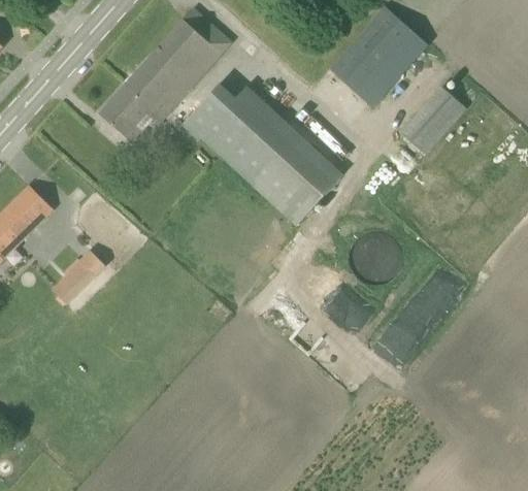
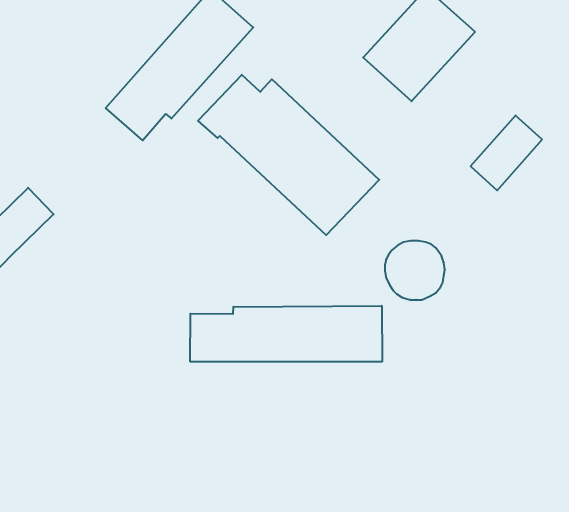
building: [401,86,465,153] -> [471,115,542,190]
building: [50,249,105,304] -> none
building: none -> [190,306,382,362]

